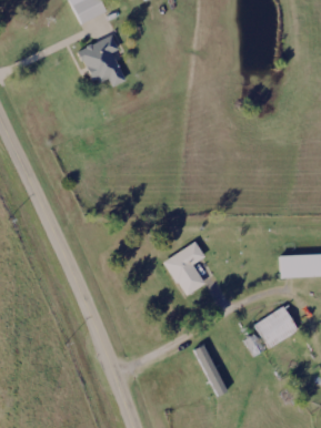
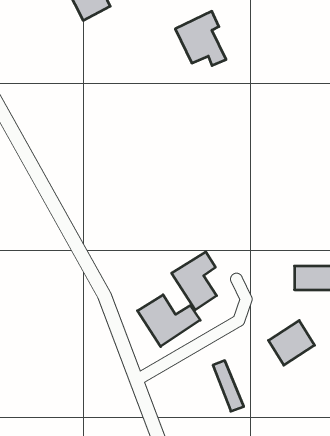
building: [77,35,124,86] -> [175,11,226,66]
building: none -> [137,295,200,347]

